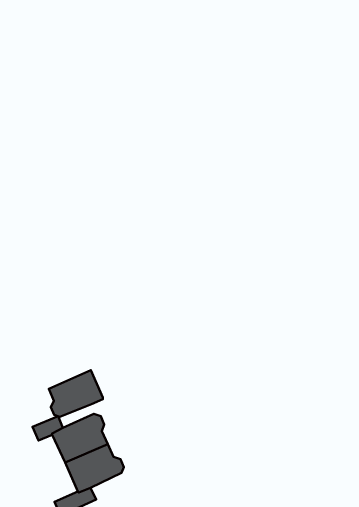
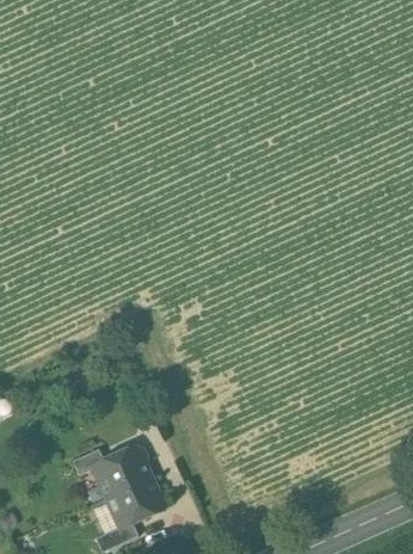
building: [49,370,103,417] -> none

